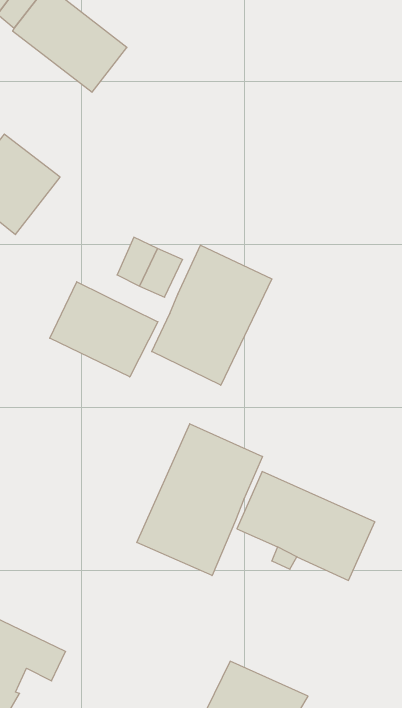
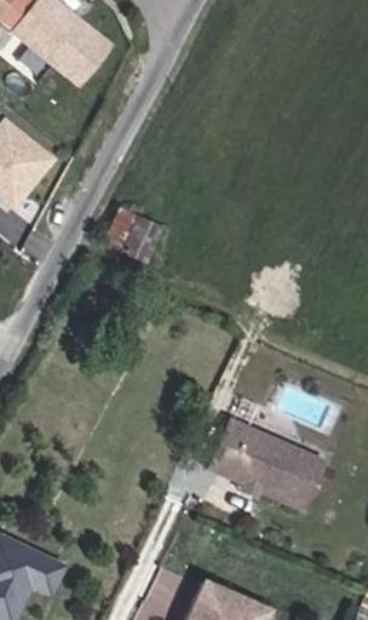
building: [152,245,272,385] -> none
building: [50,282,158,377] -> none
building: [137,424,262,576] -> none

